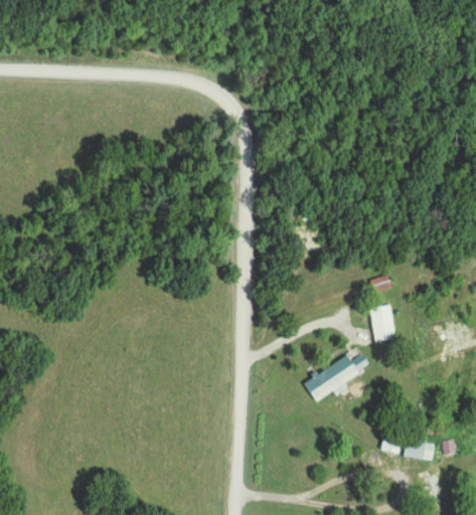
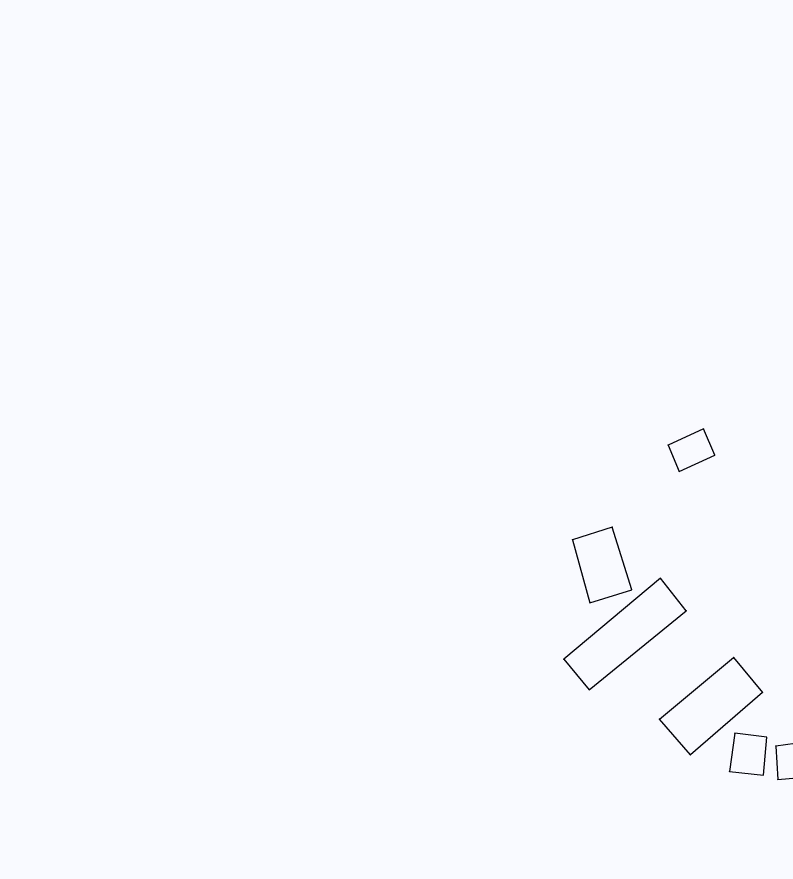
building: [369,305,396,342] -> [572,527,632,603]
building: none -> [659,657,763,755]

